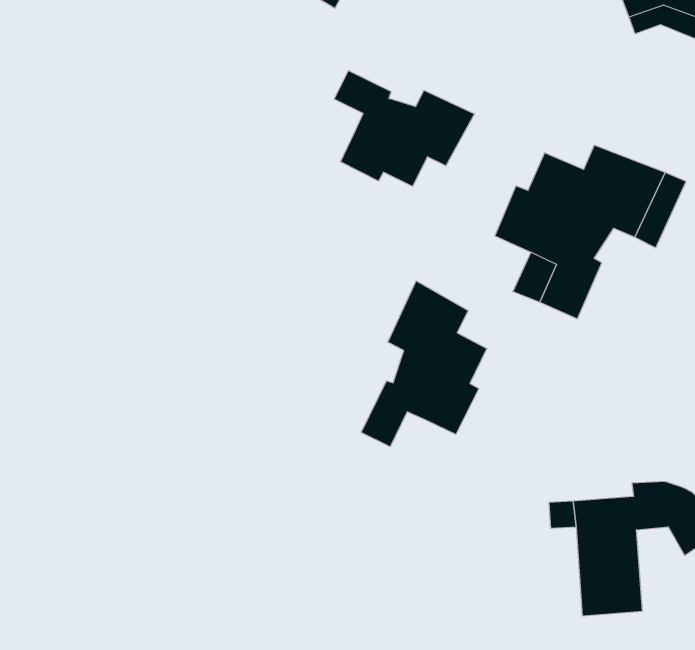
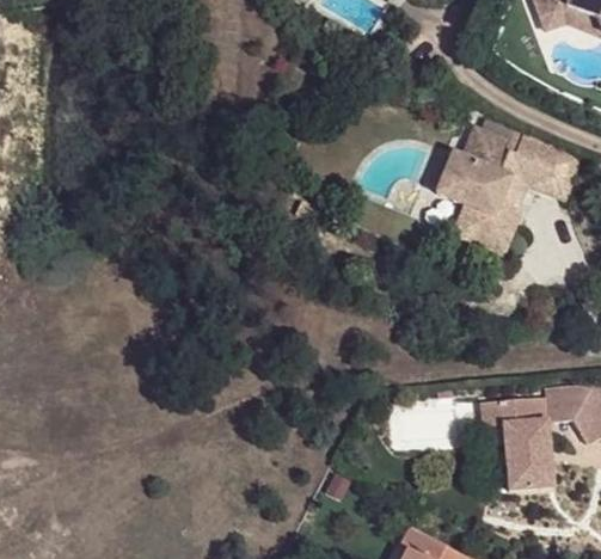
building: [334,70,475,186] -> none
building: [361,281,487,447] -> none

